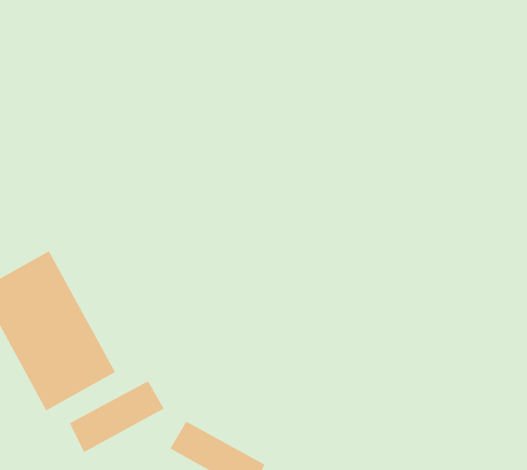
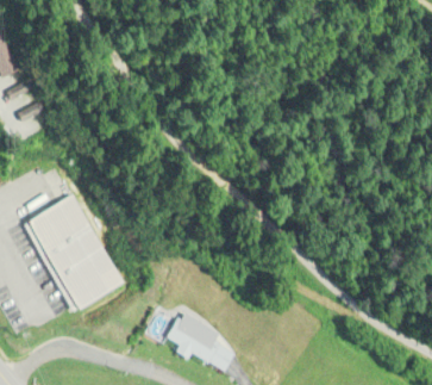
building: [69,380,165,453] -> none

